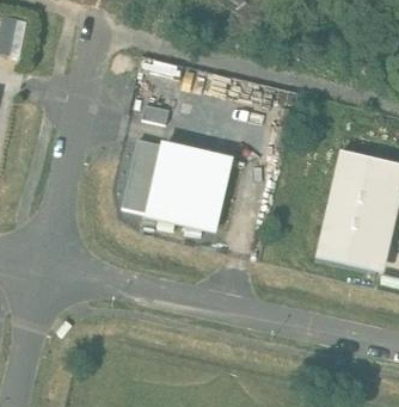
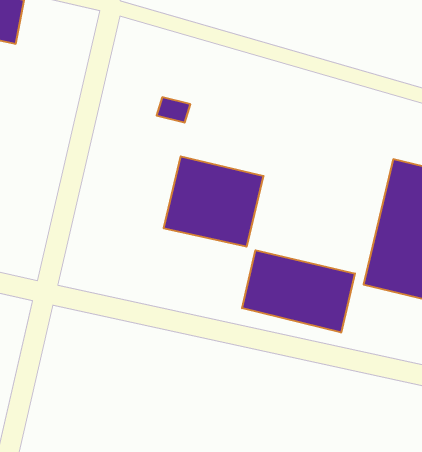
building: [122,141,161,214] -> none
building: none -> [242,250,355,333]

